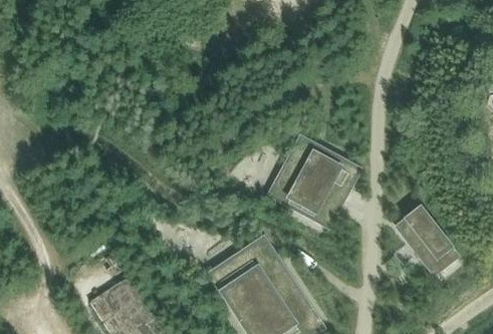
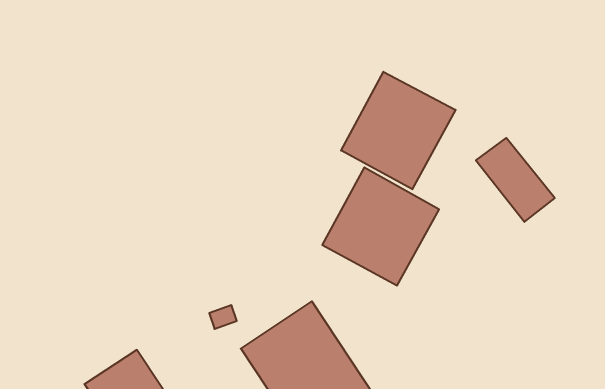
building: none -> [341,72,456,189]
building: [397,210,457,274] -> [476,138,555,222]

